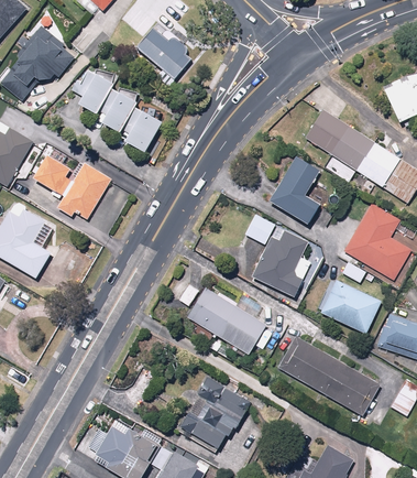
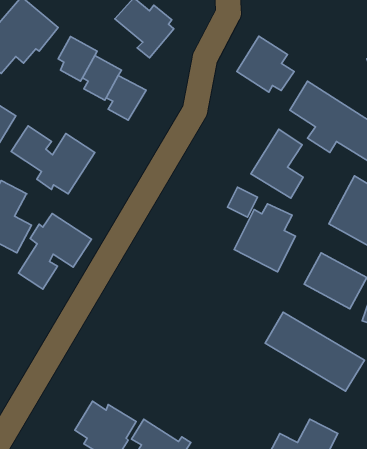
building: none -> [237,36,294,92]
building: none -> [18,214,91,289]
building: [186,286,274,357] -> none
building: [177,383,250,447] -> none

